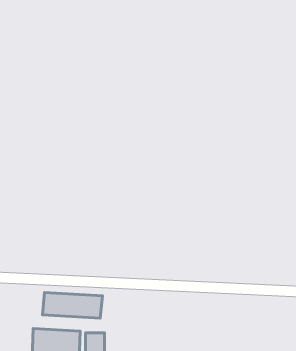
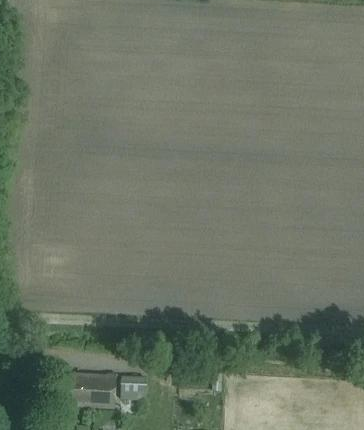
building: [42,292,103,318] -> none

